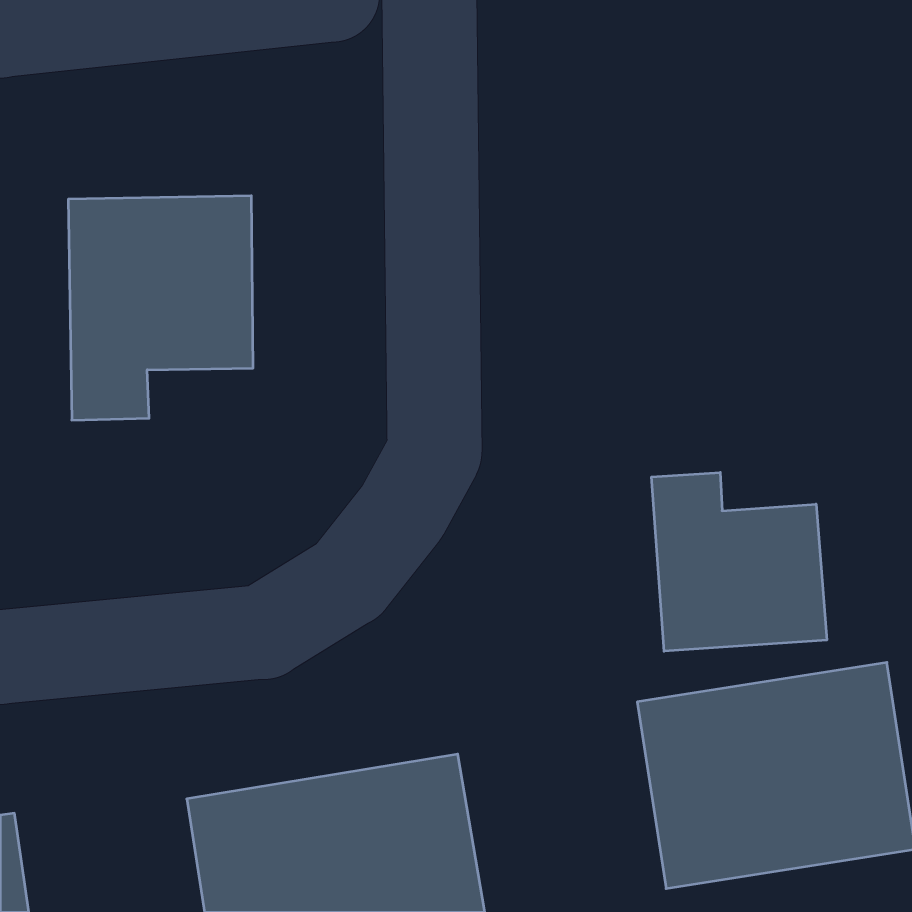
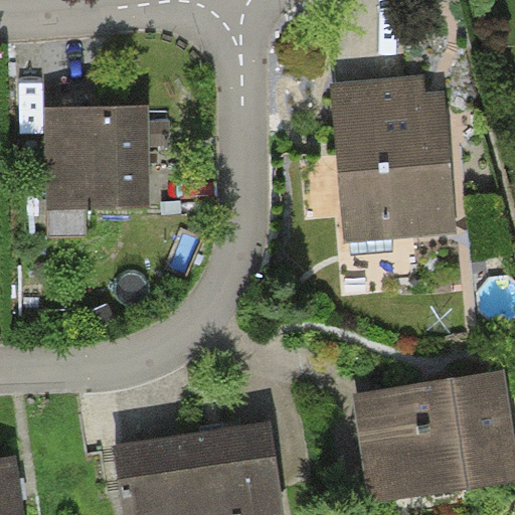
building: none -> [335,79,460,241]
building: [652,472,827,651] -> none

